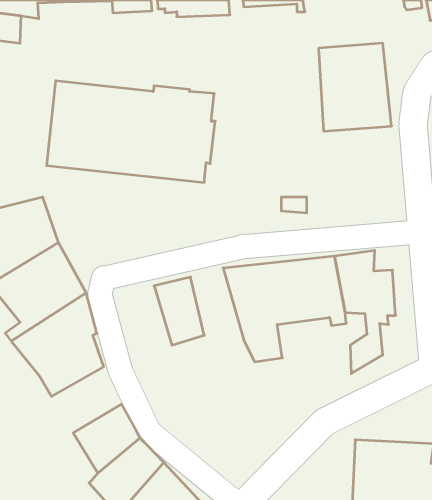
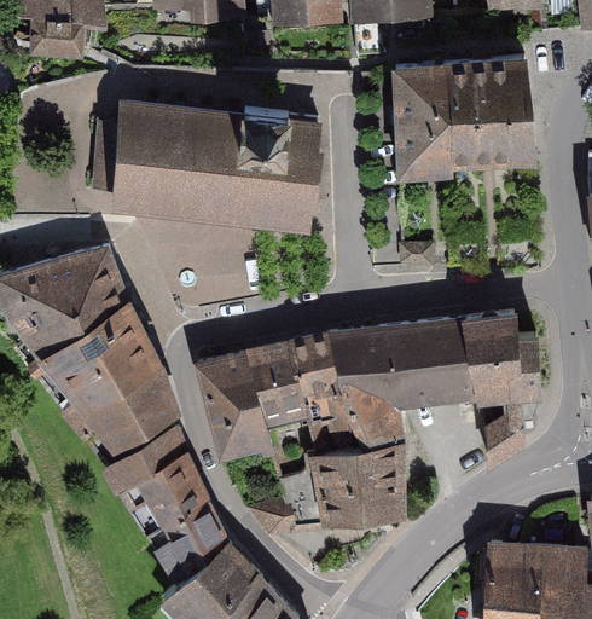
building: none -> [394,63,452,175]
building: none -> [289,332,354,428]
building: none -> [197,354,269,453]
building: none -> [244,442,405,531]
building: none -> [118,453,204,534]

